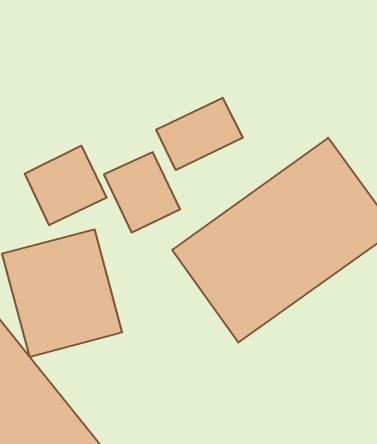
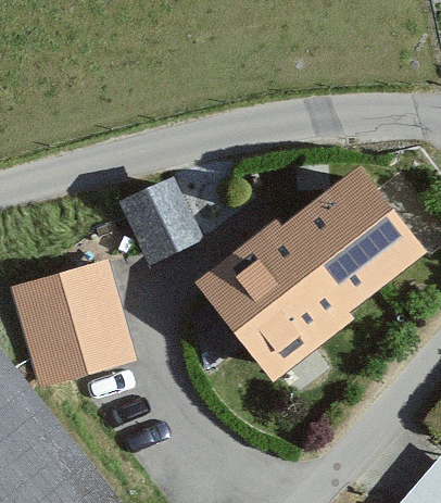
building: [156,98,243,170] -> none
building: [25,146,107,225] -> none

